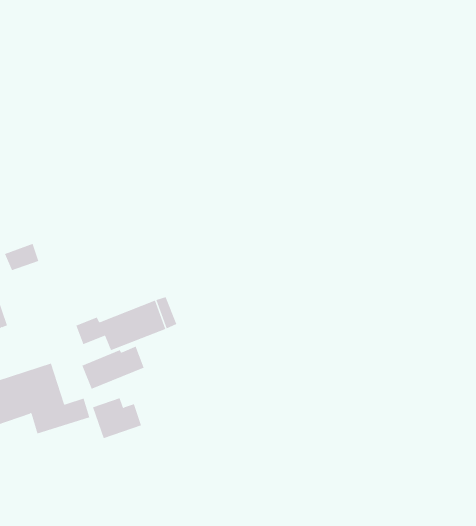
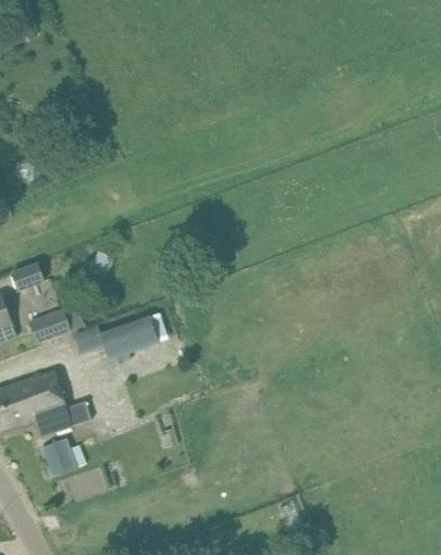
building: [82,346,144,390] -> [27,307,85,346]
building: [92,398,142,439] -> [40,440,85,477]

